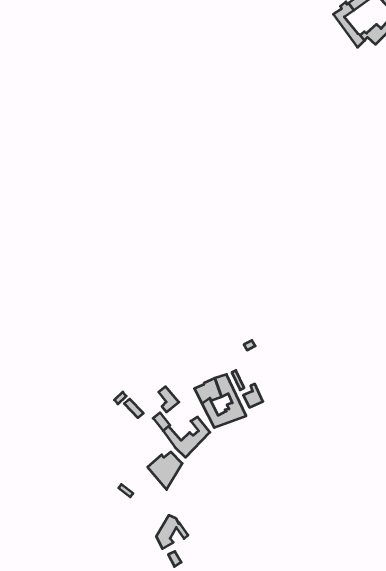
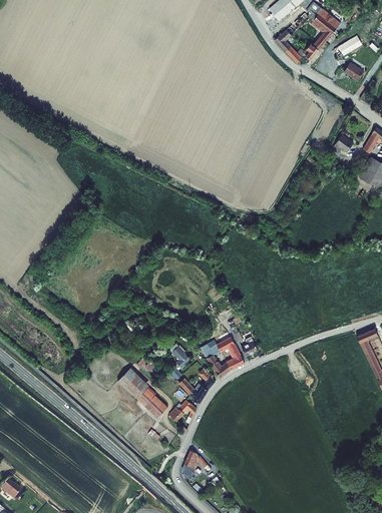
building: none -> [117,366,164,414]

